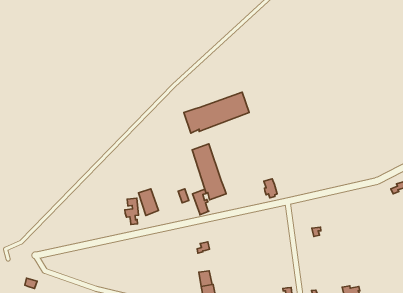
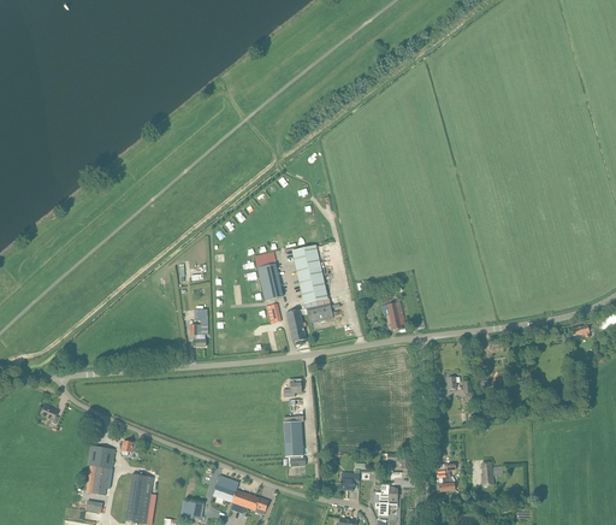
building: [184,92,249,133] -> none
building: [138,189,158,215] -> [257,264,283,300]

